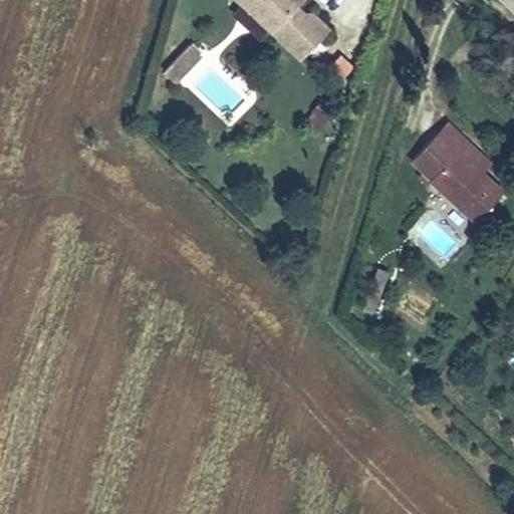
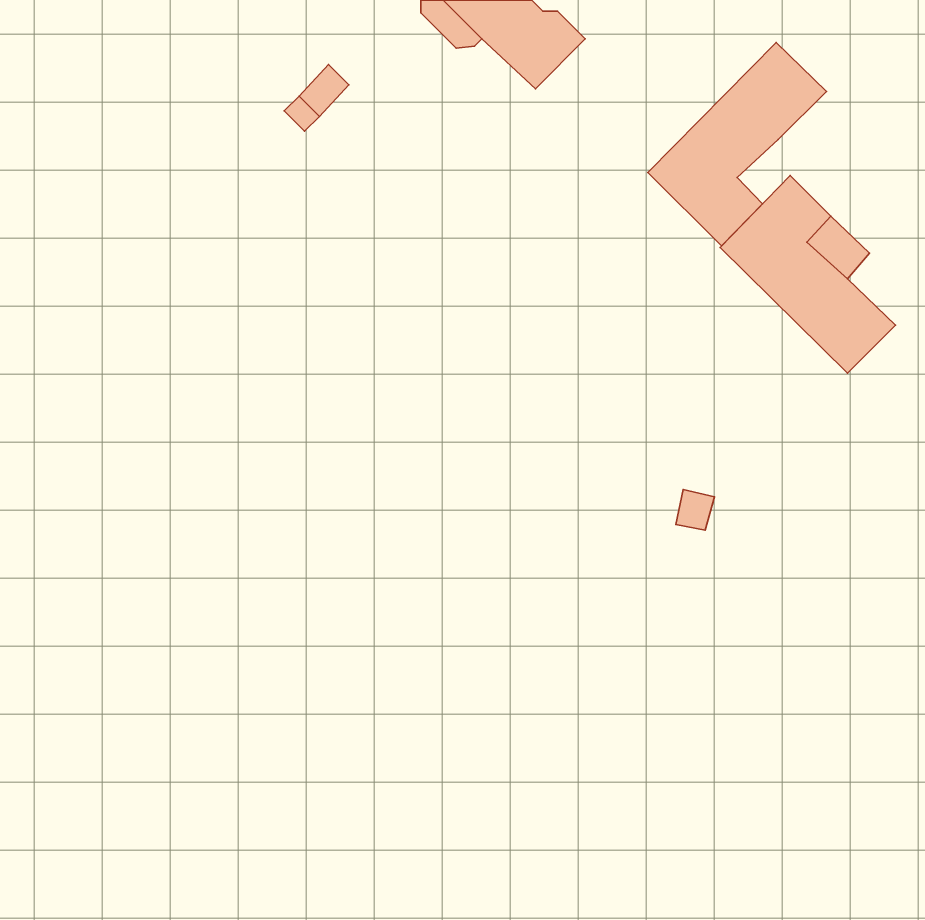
building: none -> [648,43,826,246]

